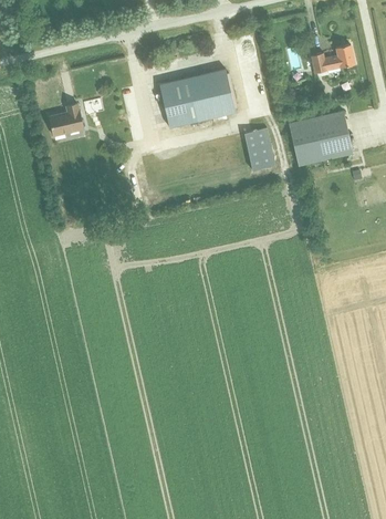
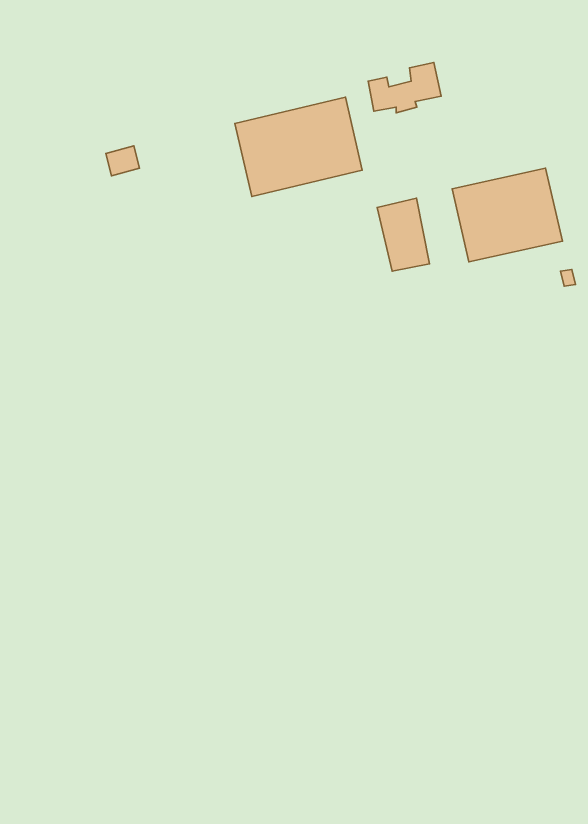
building: [312,44,355,74] -> [368,62,441,113]
building: [50,104,84,136] -> none

